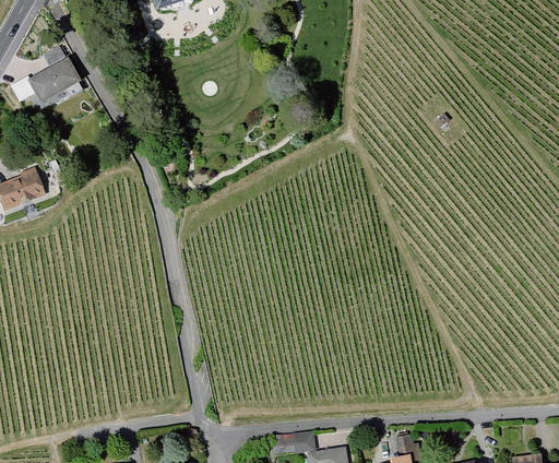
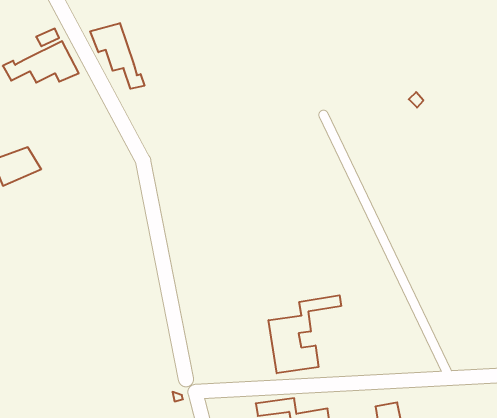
building: none -> [90,23,144,89]
building: none -> [269,295,341,373]

